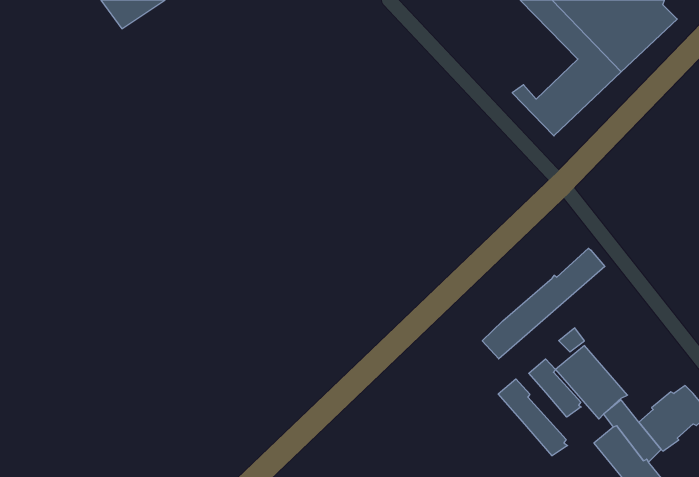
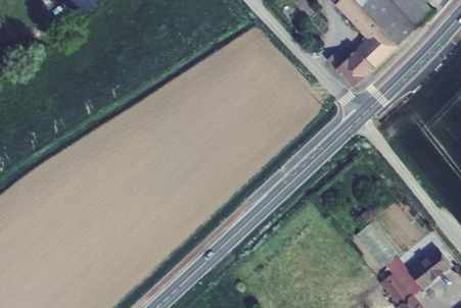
building: [482,248,605,359] -> none
building: [529,359,581,417] -> none
building: [498,379,568,456] -> none

